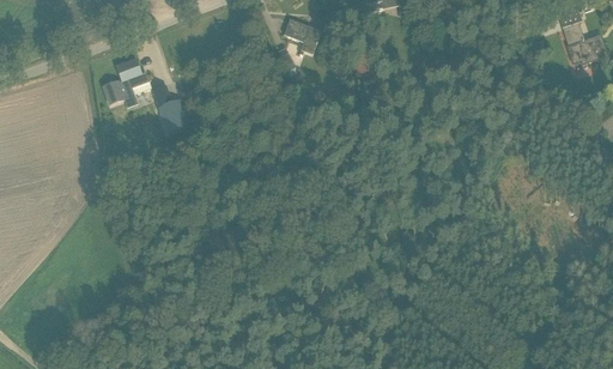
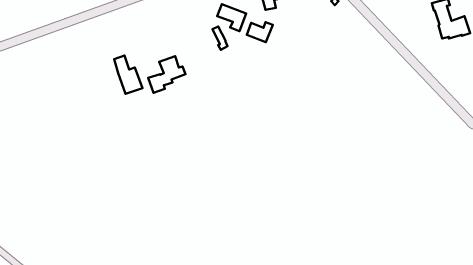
building: none -> [247,22,273,42]
building: [102,58,150,104] -> [148,56,185,93]

